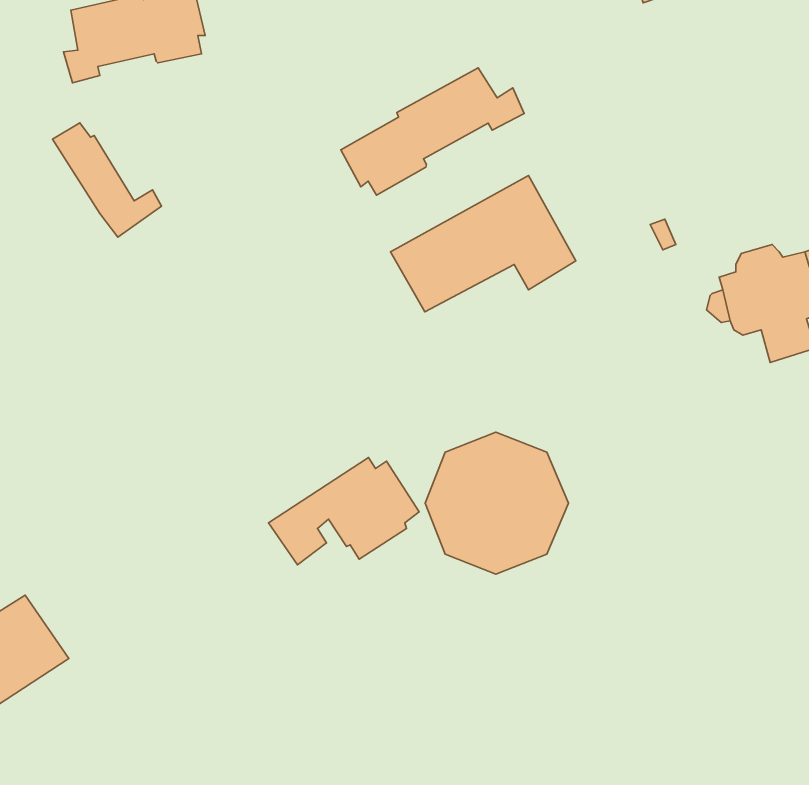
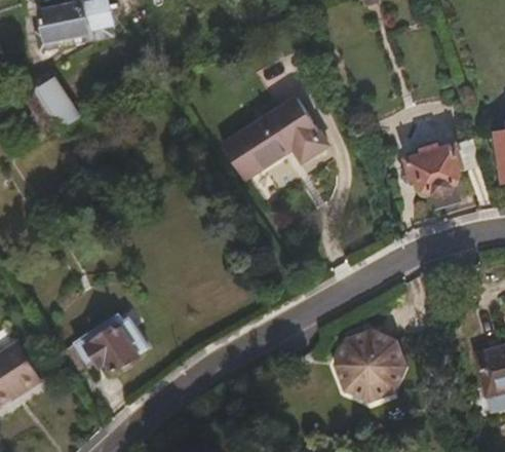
building: [341,68,524,195] -> none
building: [425,432,569,574] -> [332,325,413,405]
building: [268,458,419,565] -> [62,314,147,375]

